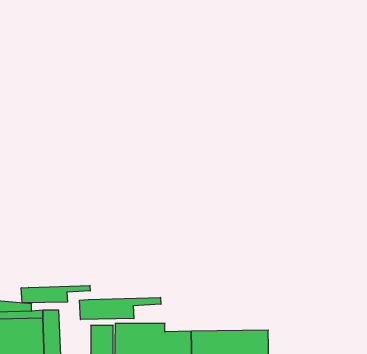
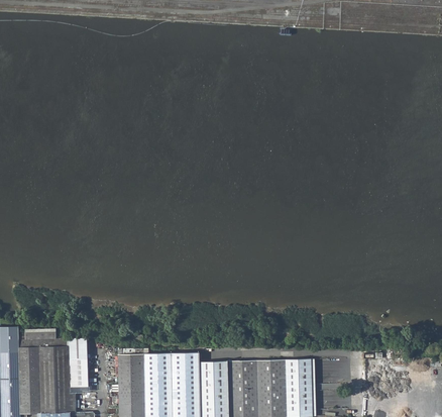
building: [21,285,90,303] -> none
building: [79,297,161,320] -> none

